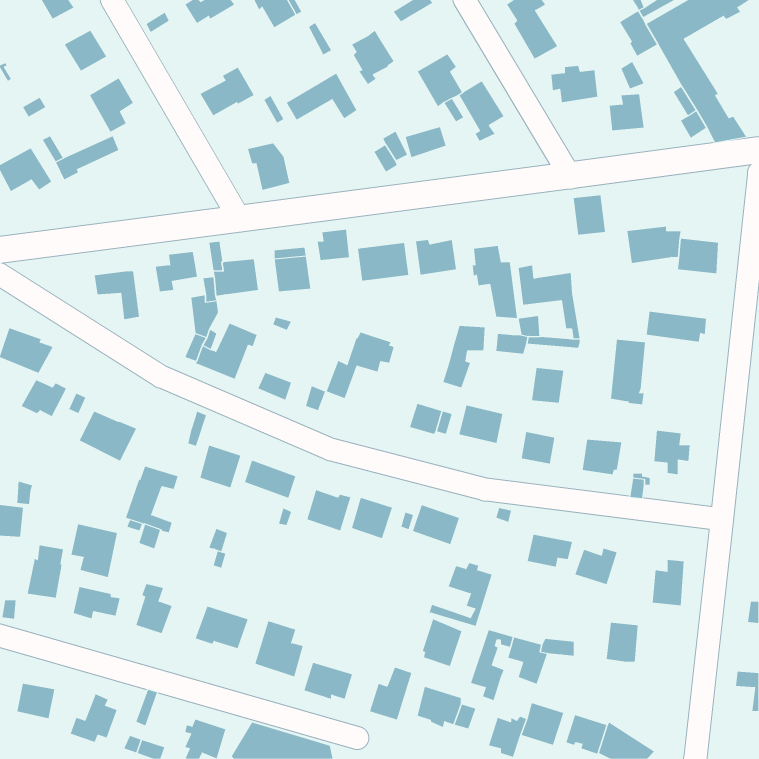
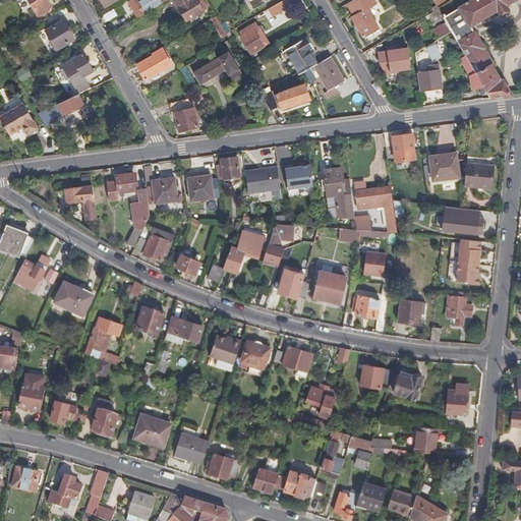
building: [442,326,486,388] -> [263,223,292,266]
building: [610,339,646,405] -> [456,239,480,284]
building: [71,523,117,578] -> none
building: [422,618,462,667] -> none

